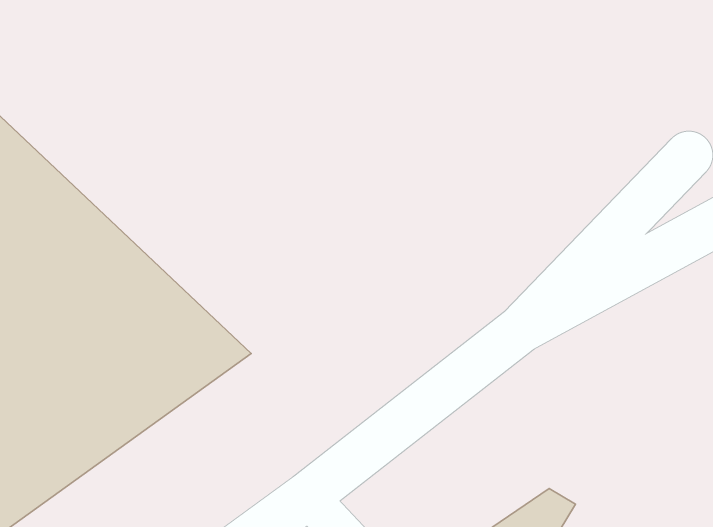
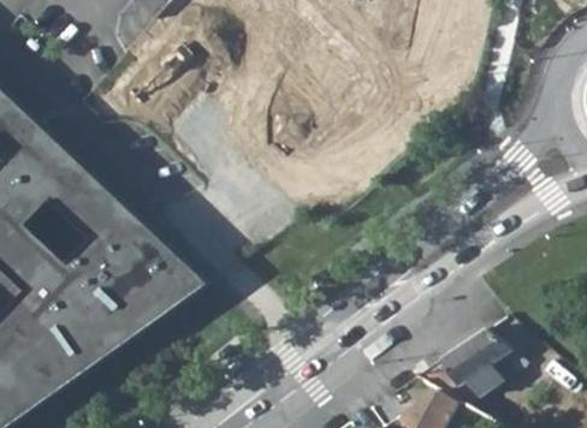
building: none -> [416,328,526,404]

